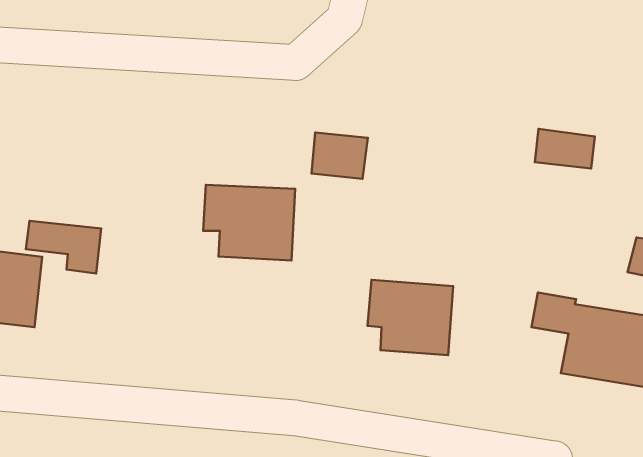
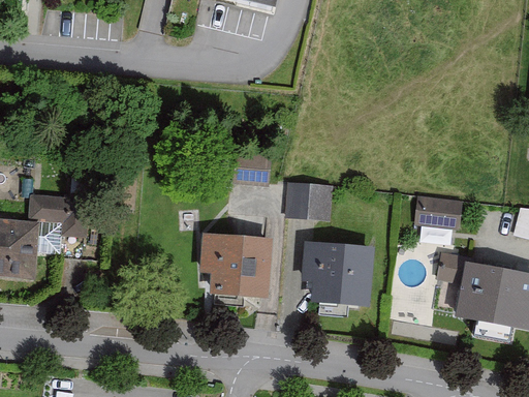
building: [535,129,595,168] -> [410,196,459,228]
building: [311,133,368,179] -> [284,182,330,219]
building: [203,185,295,260] -> [198,234,273,295]

